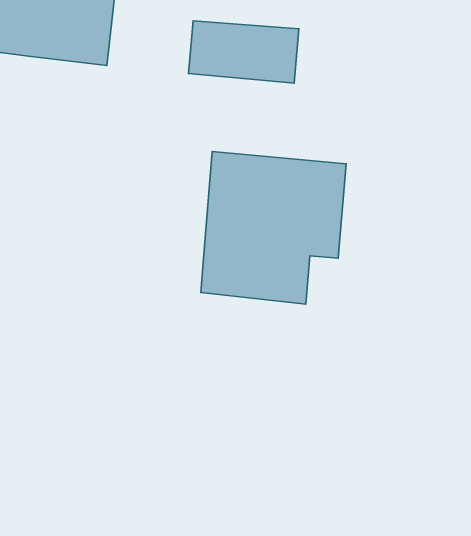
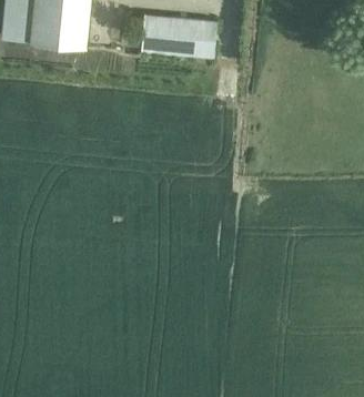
building: [201,152,346,304] -> none

